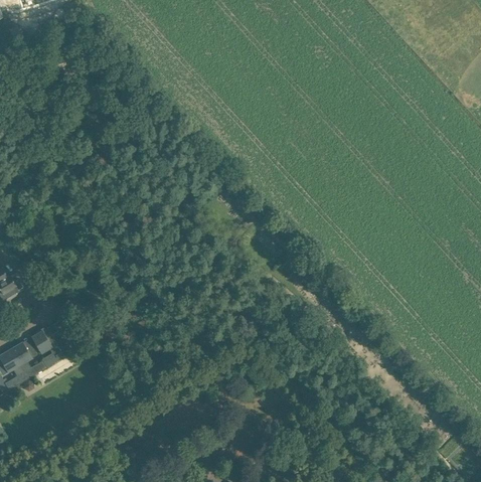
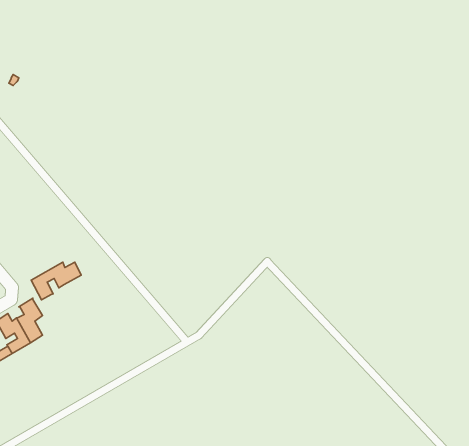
building: none -> [31,262,81,300]

